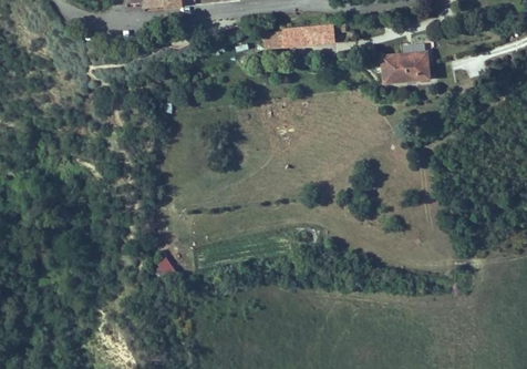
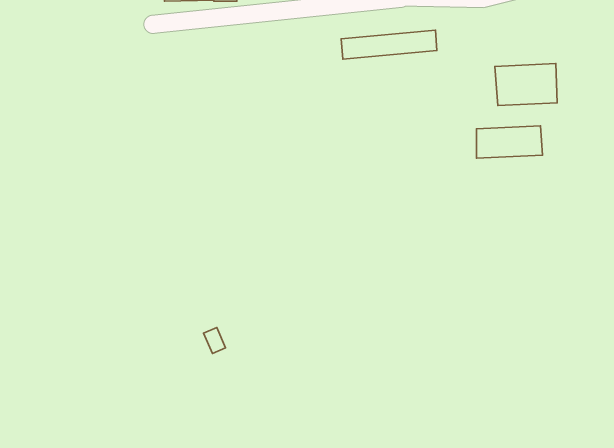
building: none -> [476,126,542,158]

